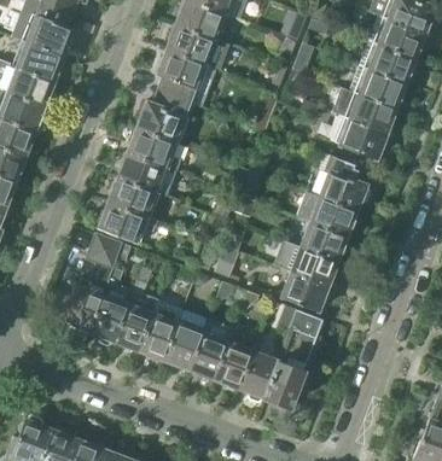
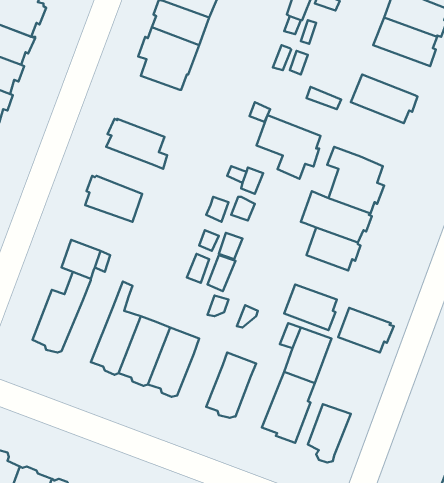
building: [349,65,408,109] -> none
building: [136,92,191,145] -> none
building: [330,115,385,170] -> [256,115,320,179]
building: [118,153,170,197] -> none
building: [95,204,157,244] -> none
building: [291,247,339,286] -> [338,308,394,352]
building: [88,269,133,346] -> none
building: [188,333,228,380] -> none
building: [239,352,277,403] -> [308,404,351,463]

